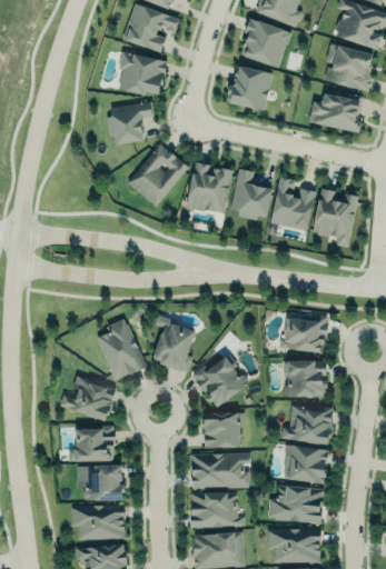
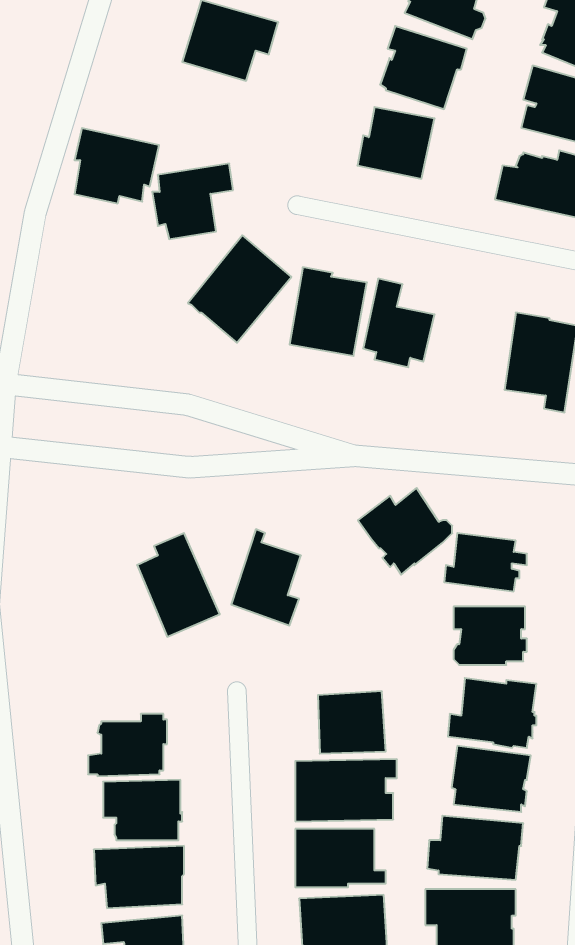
building: [118,51,168,96] -> [74,128,159,203]
building: [270,178,315,230] -> none
building: [191,357,247,408] -> [358,488,452,575]
building: [59,376,116,421] -> none

